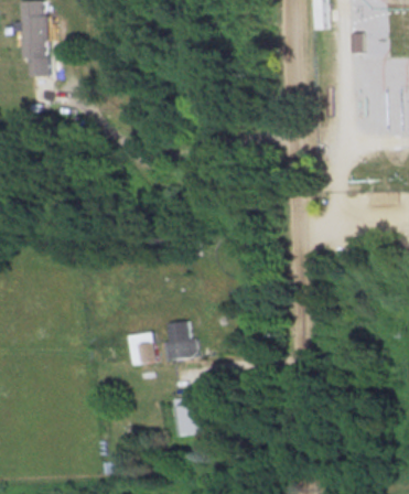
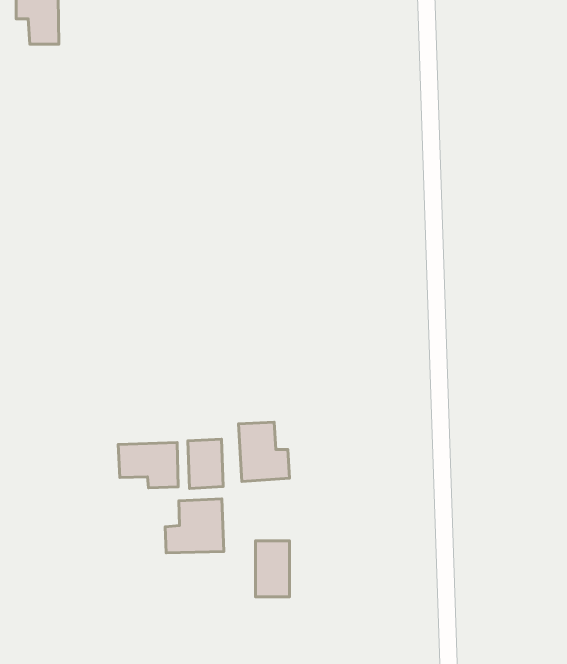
building: none -> [118,442,178,488]
building: none -> [165,499,224,553]

